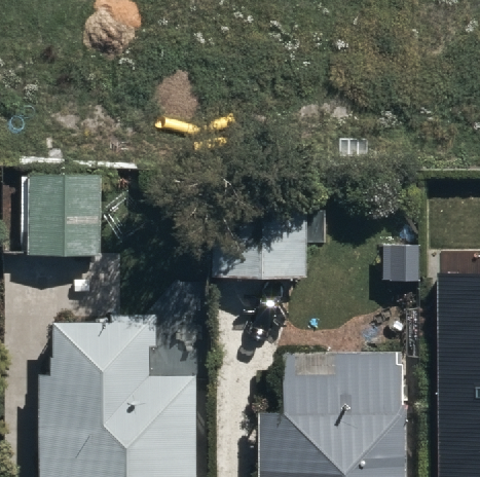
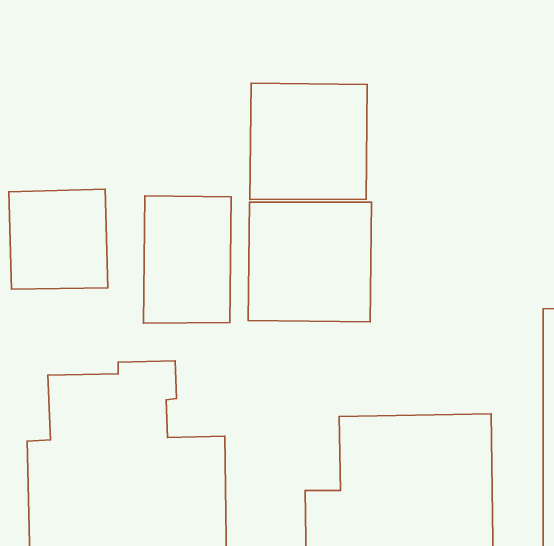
building: none -> [250,83,367,199]
building: none -> [143,196,231,323]

